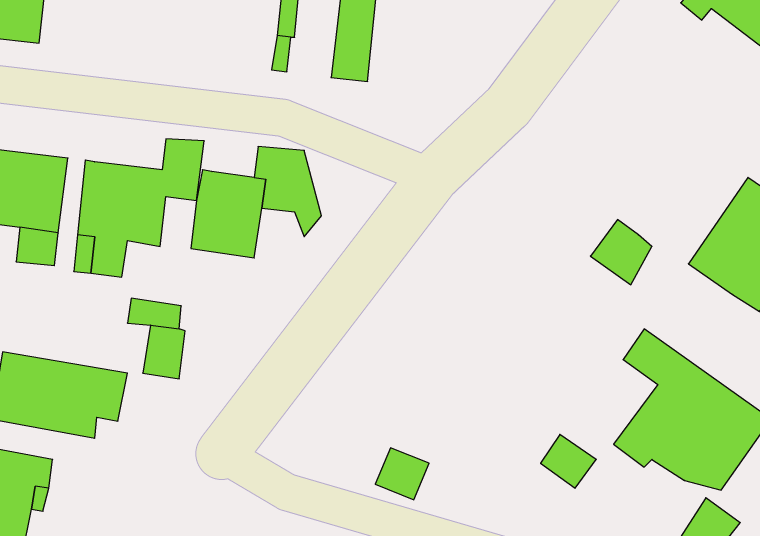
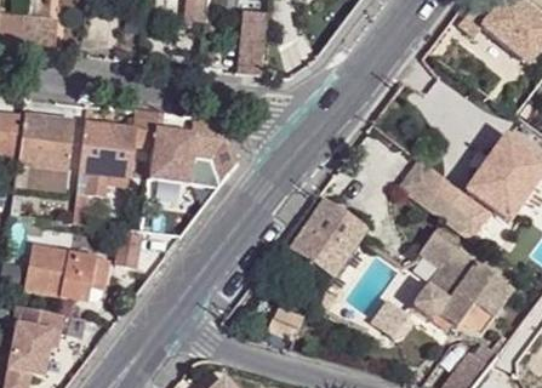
building: none -> [428,175,492,234]
building: none -> [290,201,364,274]

